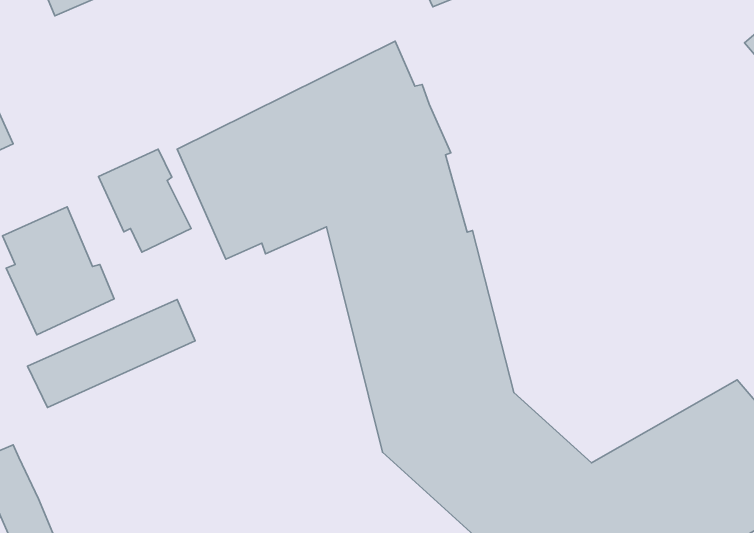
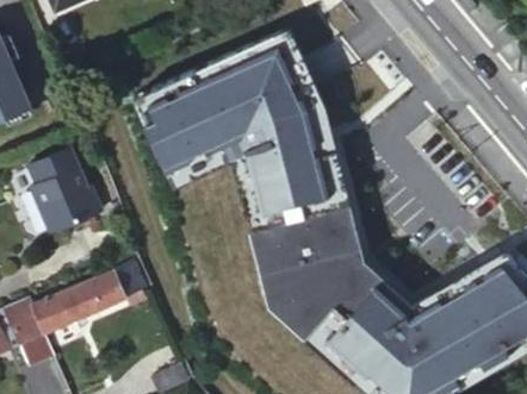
building: [98,149,191,252] -> none
building: [28,299,195,408] -> [31,264,142,336]

